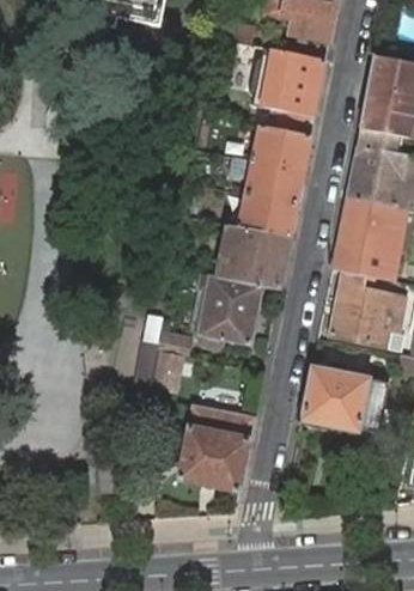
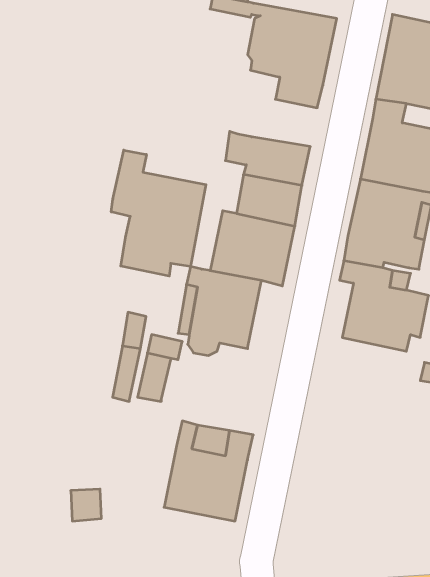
building: [242,126,310,169] -> none
building: none -> [111,150,206,276]
building: [302,366,390,432] -> none

